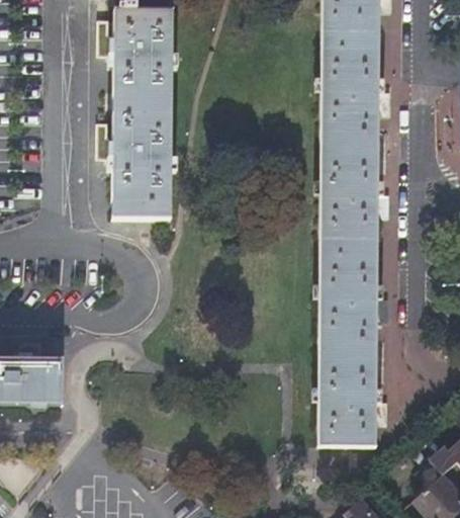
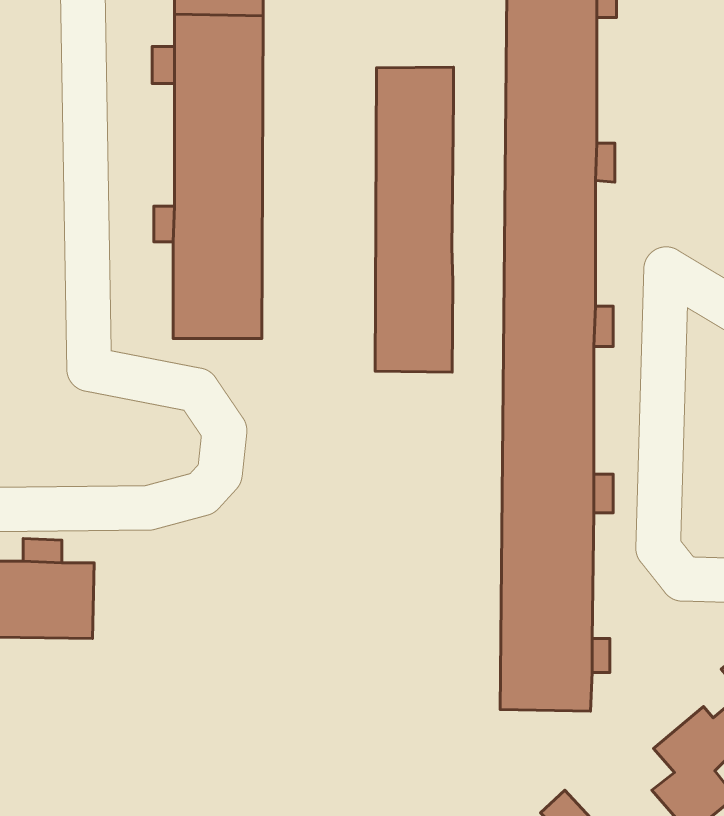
building: none -> [375,67,454,372]

